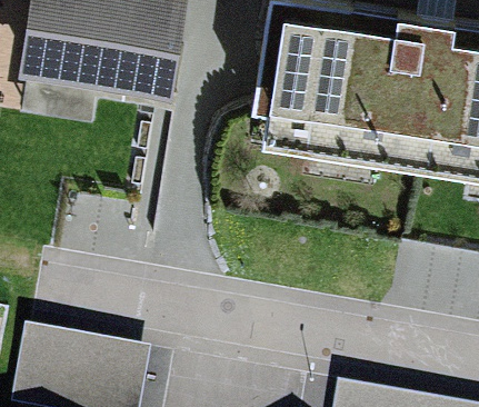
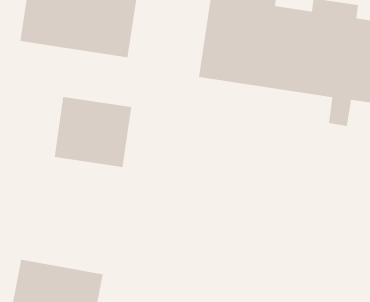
building: none -> [54,96,132,168]

